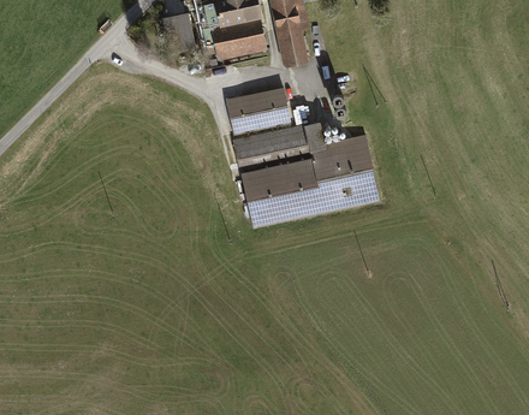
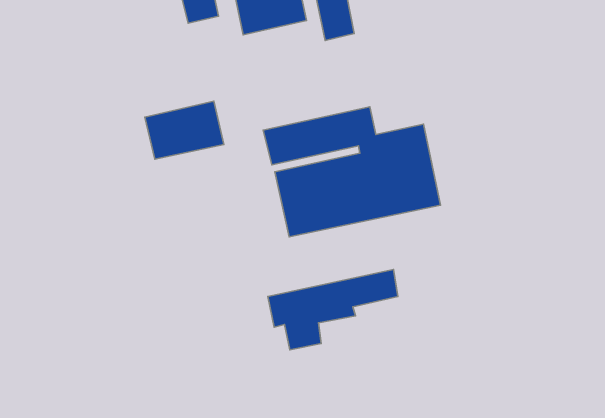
building: [225,87,291,135] -> [145,101,224,159]
building: none -> [268,269,398,350]

